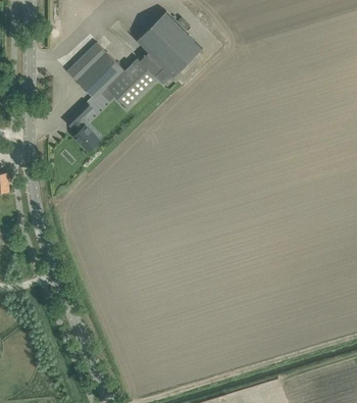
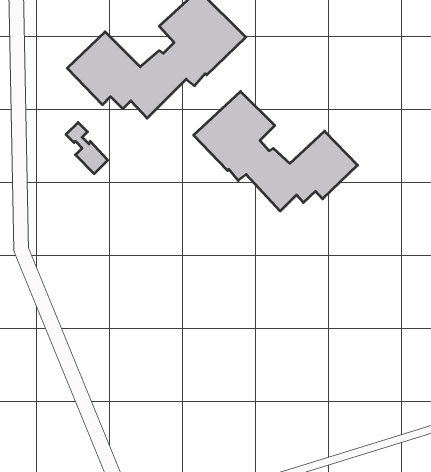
building: none -> [194,91,358,211]

